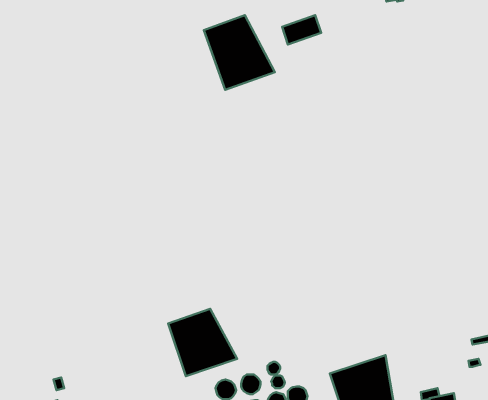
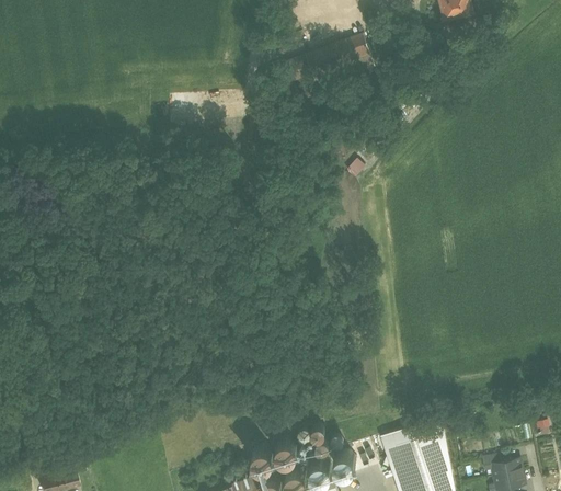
building: [204,15,275,90] -> none
building: [168,309,237,376] -> none

